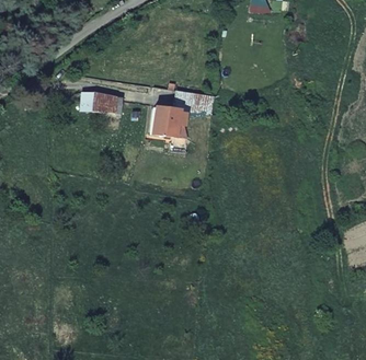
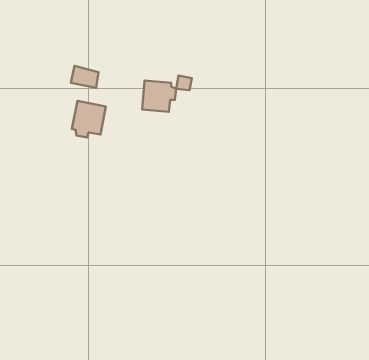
building: none -> [72,101,106,137]

